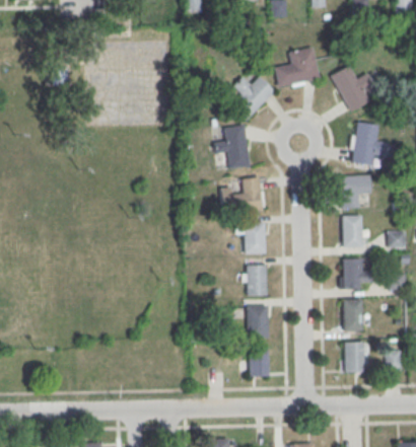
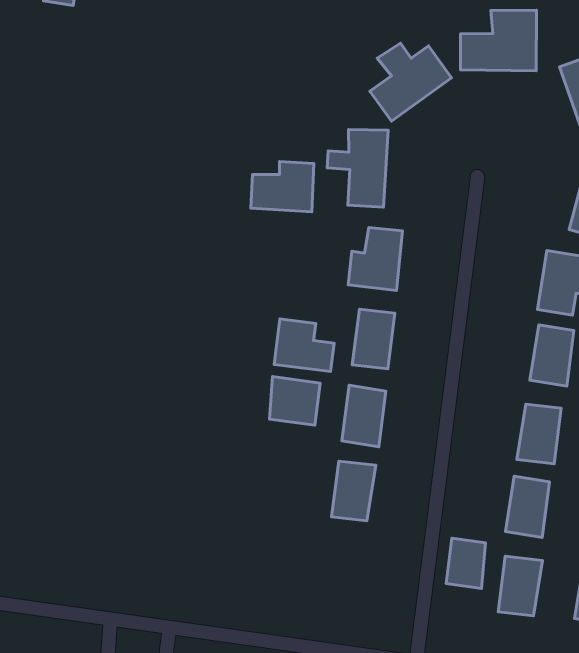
building: none -> [251,162,314,212]
building: none -> [274,319,334,372]
building: none -> [269,377,320,425]
building: none -> [446,538,485,588]
building: [250,346,270,377] -> none

